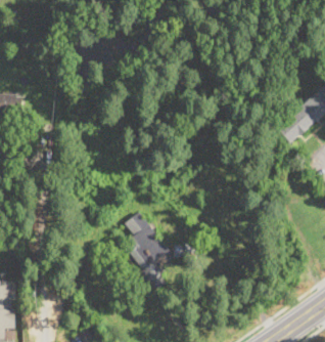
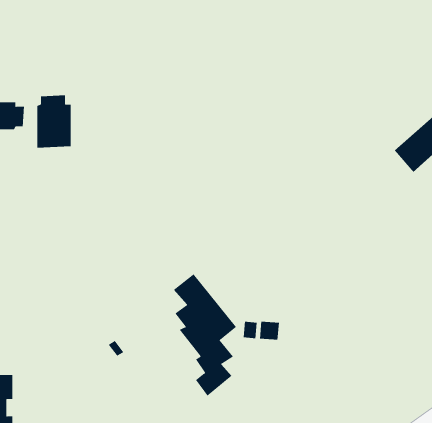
building: none -> [37,94,71,149]

